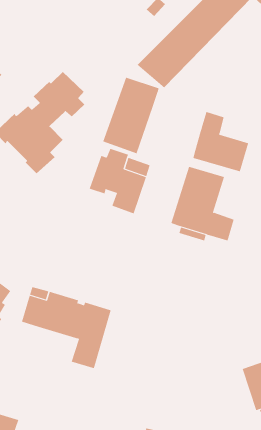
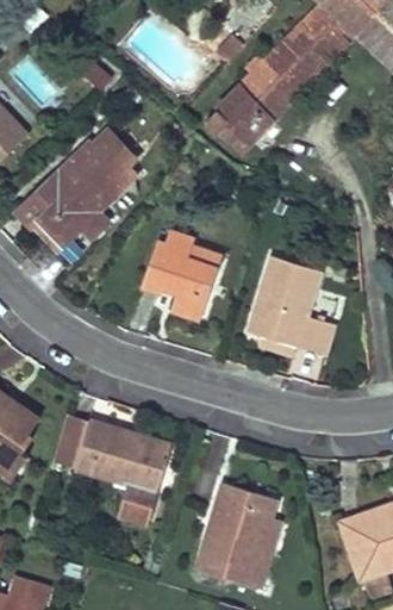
building: [102,77,159,154] -> none
building: [193,111,249,172] -> none
building: none -> [196,483,277,585]

